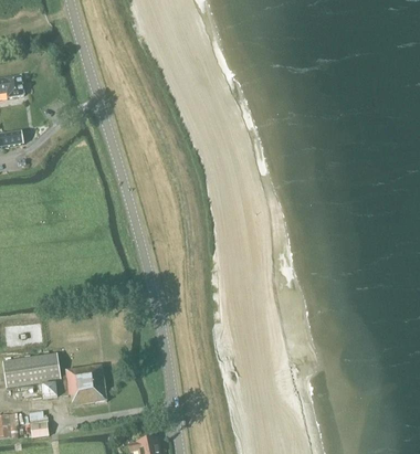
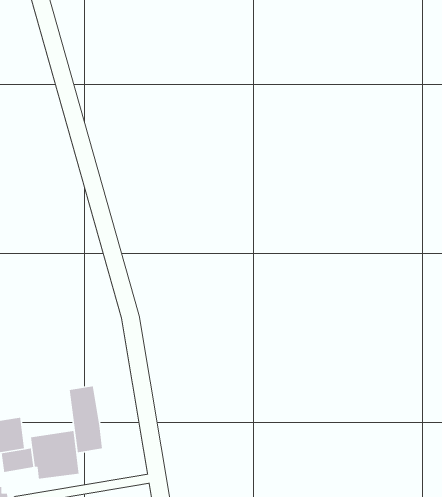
building: none -> [69,386,103,453]

